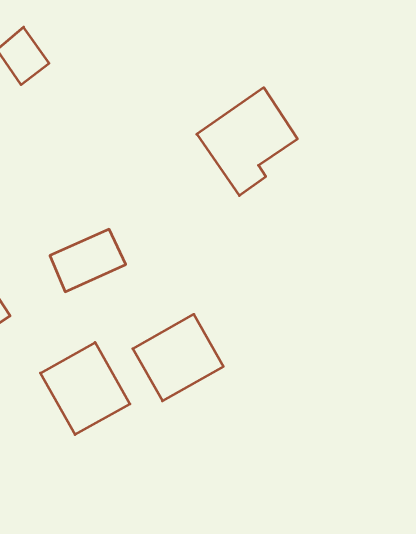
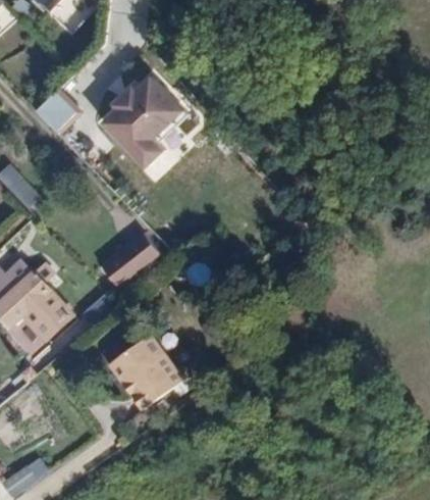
building: [197,88,297,196] -> [103,77,184,166]
building: [133,314,223,401] -> none

